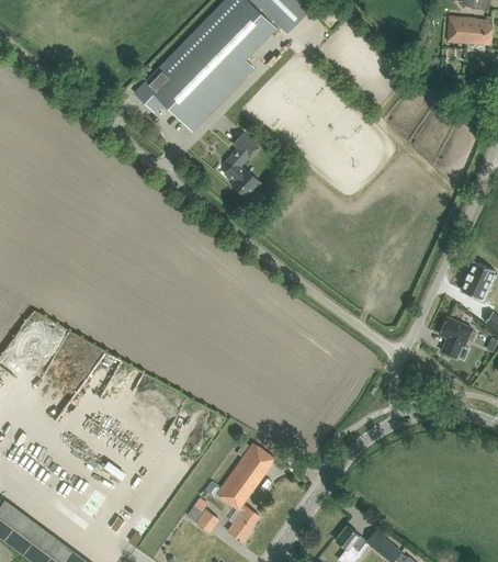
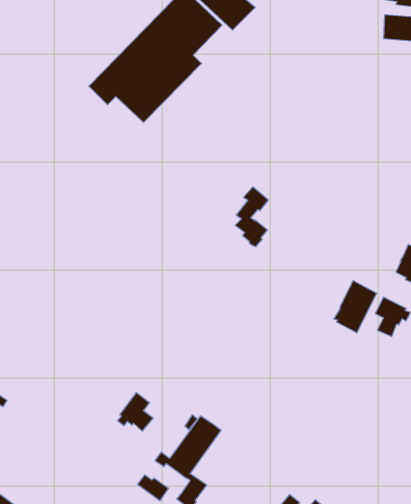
building: [224,133,259,196] -> [235,187,268,247]
building: none -> [334,280,377,333]
building: none -> [117,393,153,431]

